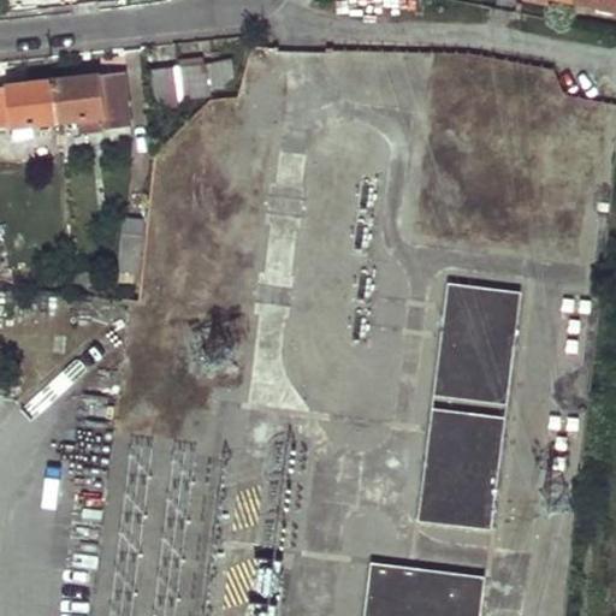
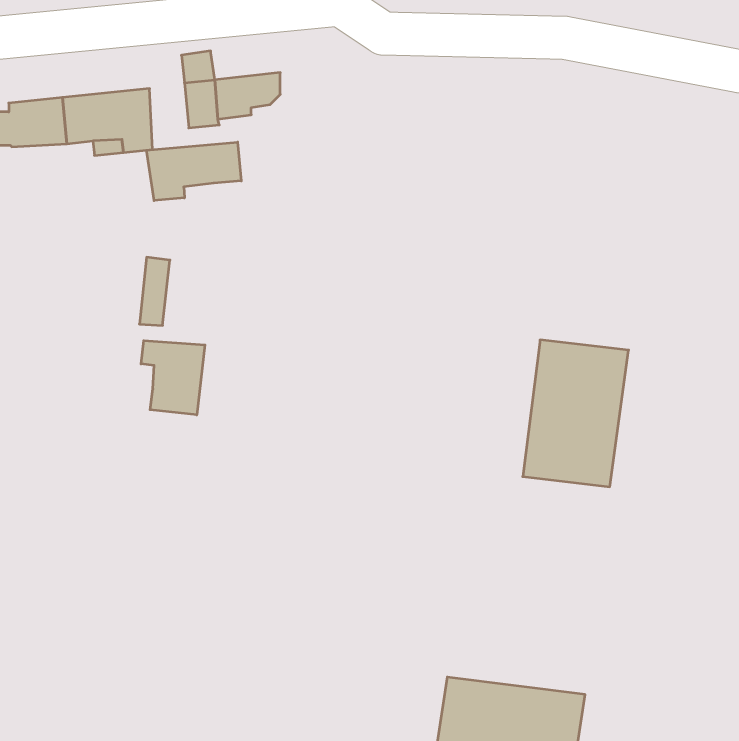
building: none -> [146,142,241,201]
building: none -> [141,341,205,415]
building: [416,408,504,531] -> none

